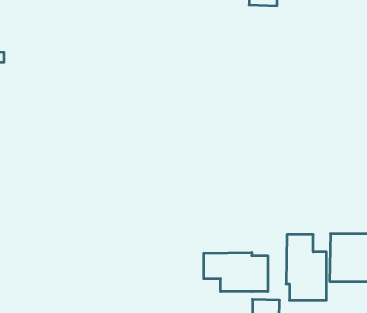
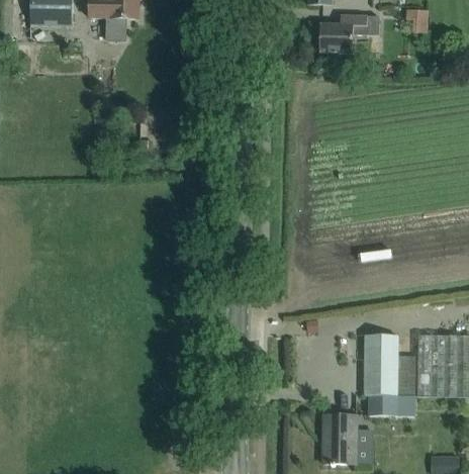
building: [204,252,268,292] -> none

